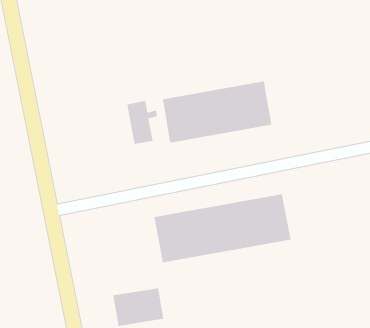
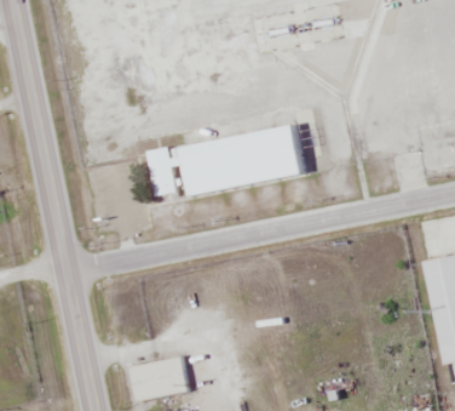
building: [154,194,291,263] -> none

